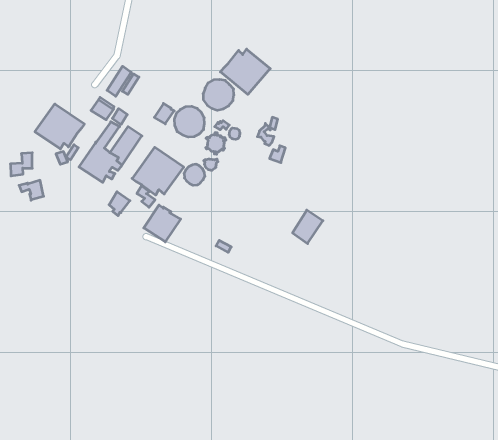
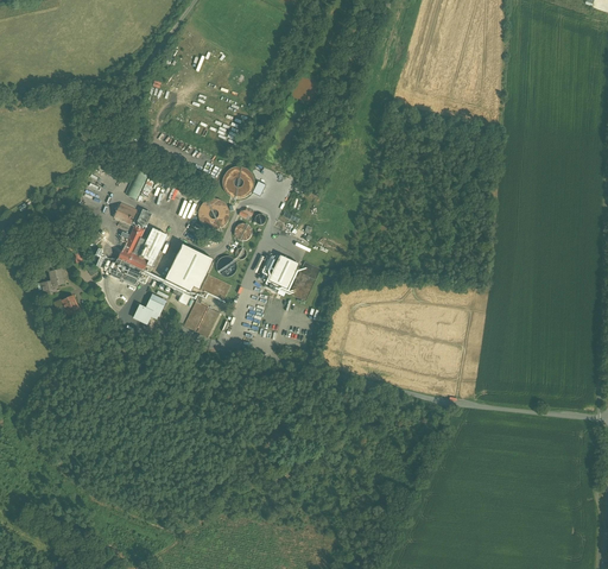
building: [220,49,270,94] -> none
building: [35,104,84,149] -> none
building: [293,210,323,244] -> [268,253,297,286]

